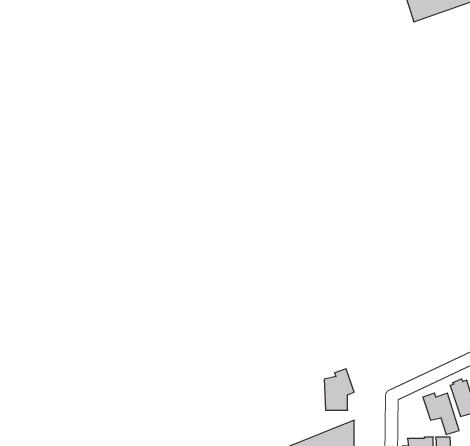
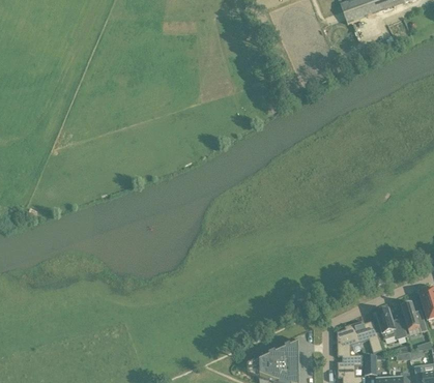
building: [324,369,354,410] -> [337,323,360,356]

